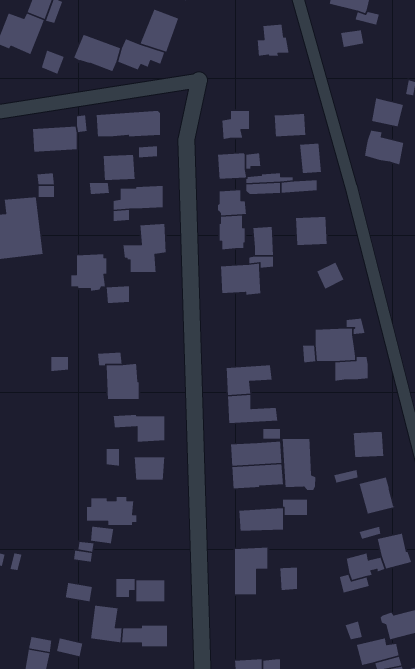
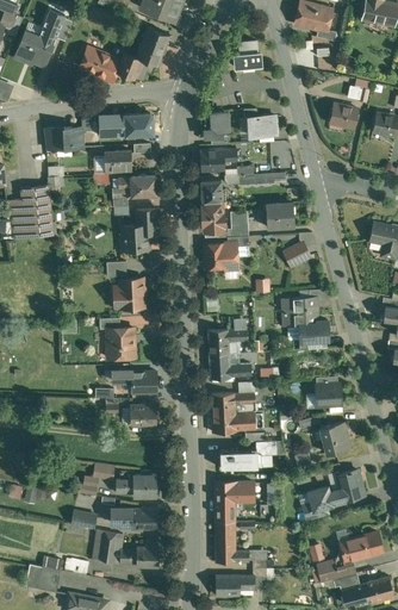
building: [364,130,404,166] -> none
building: [70,253,107,292] -> [114,279,145,311]
building: [282,438,316,491] -> none
building: [86,496,137,526] -> [116,472,158,497]
building: none -> [214,522,248,561]

